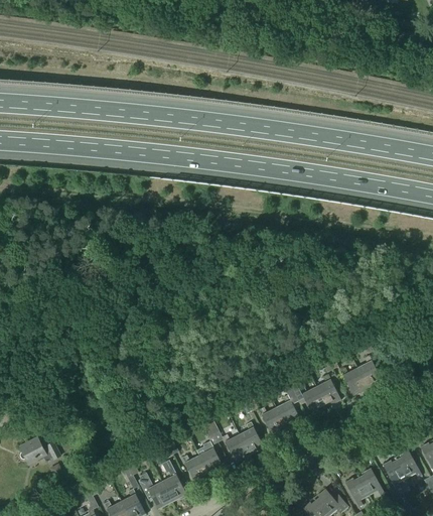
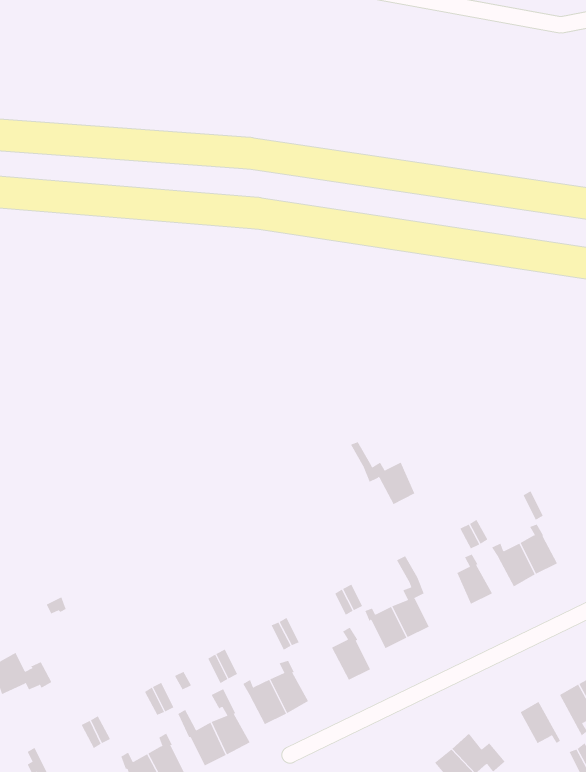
building: [285,374,326,414] -> [350,441,415,505]
building: [221,433,249,463] -> none
building: [344,476,369,508] -> none

